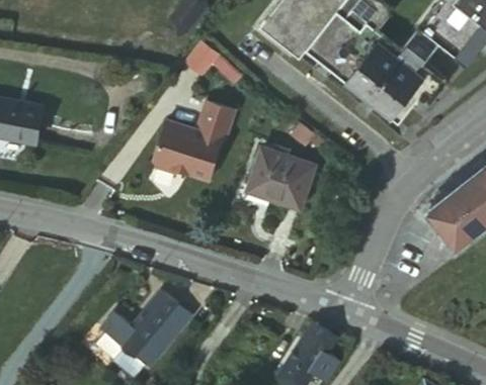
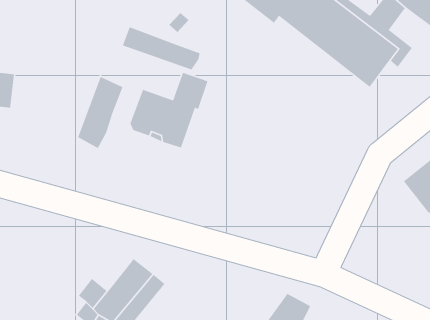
building: none -> [122,26,201,71]
building: none -> [77,76,123,149]
building: [245,150,315,215] -> none

